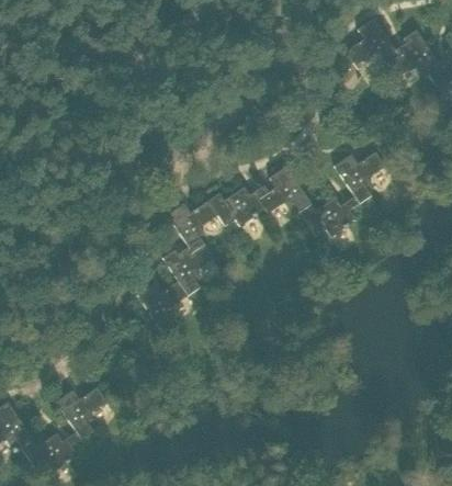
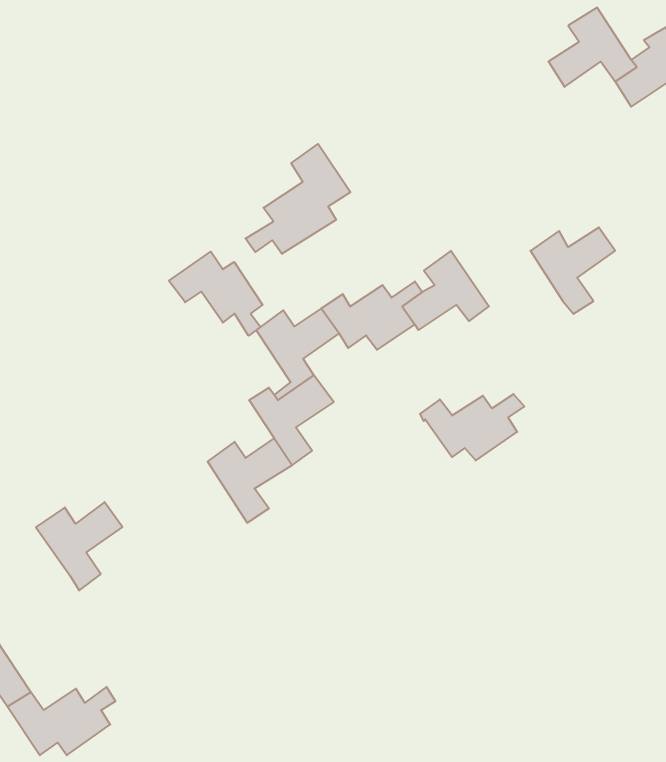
building: none -> [245,144,350,254]
building: none -> [169,252,263,336]
building: [297,195,361,236] -> [420,394,524,461]
building: [56,385,109,439] -> [36,502,122,590]

